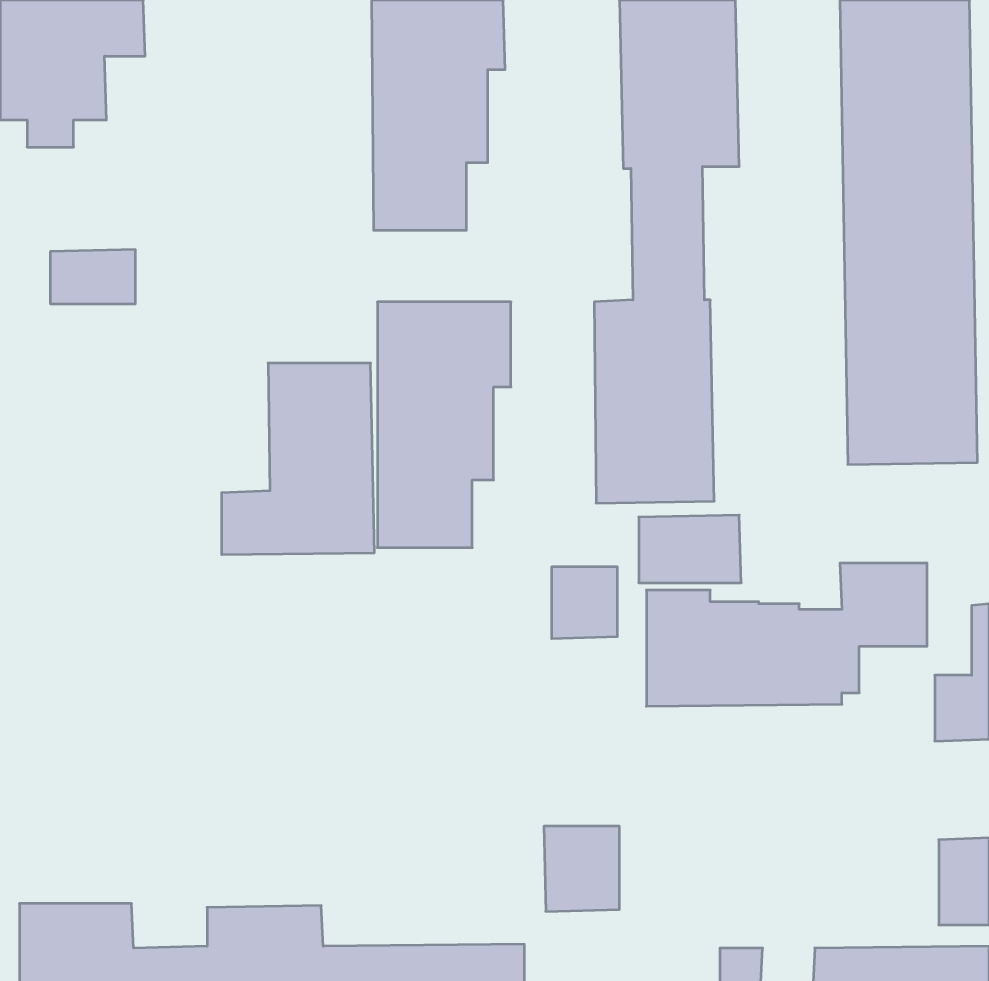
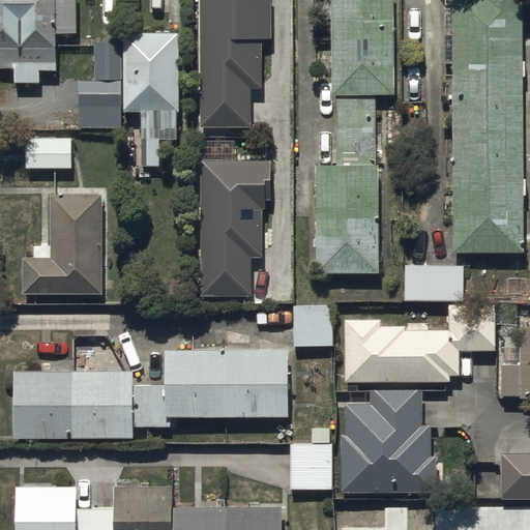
building: none -> [123,30,181,163]
building: none -> [81,43,118,125]
building: [222,363,374,555] -> [23,195,105,297]
building: [639,515,741,583] -> [407,265,462,301]
building: none -> [7,352,291,438]
building: none -> [341,389,437,493]

